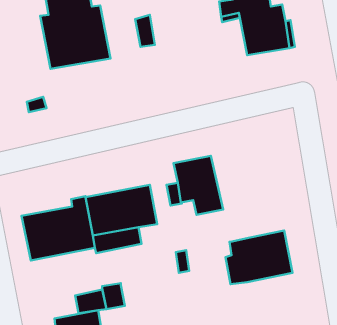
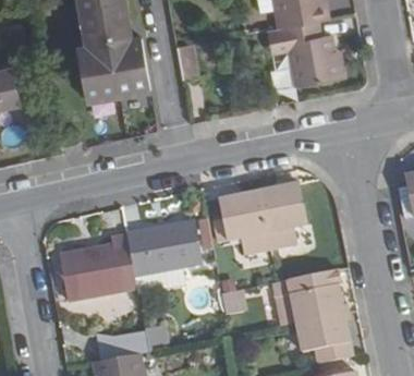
building: none -> [255,184,303,248]
building: none -> [293,315,349,363]

